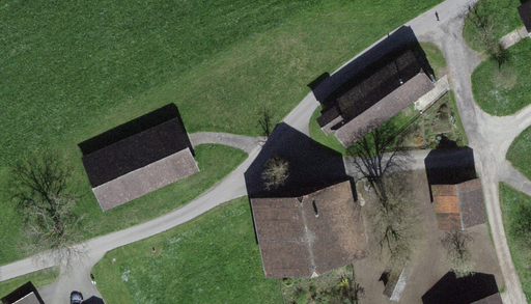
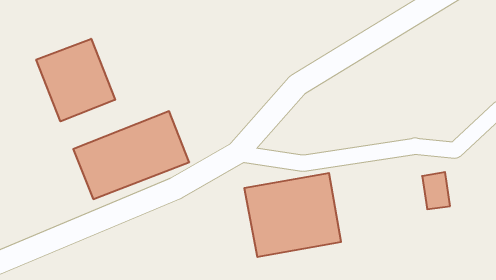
building: none -> [36,39,115,121]
building: [322,54,437,147] -> none

